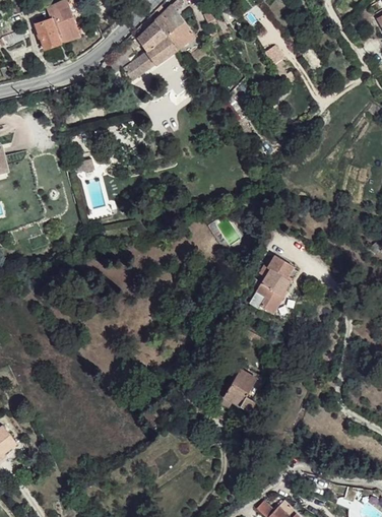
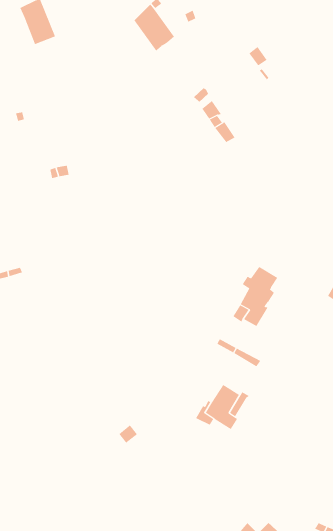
building: [35,17,61,50] -> none
building: [123,20,177,80] -> none

